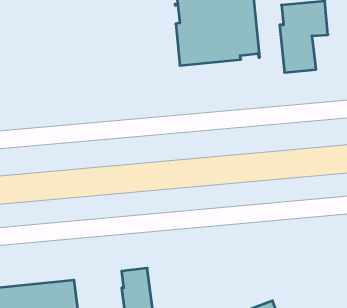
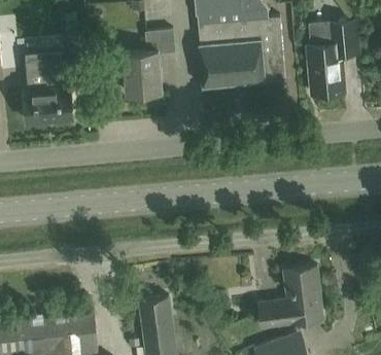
building: none -> [124,31,174,94]
building: none -> [24,58,73,121]
building: none -> [259,268,321,327]

